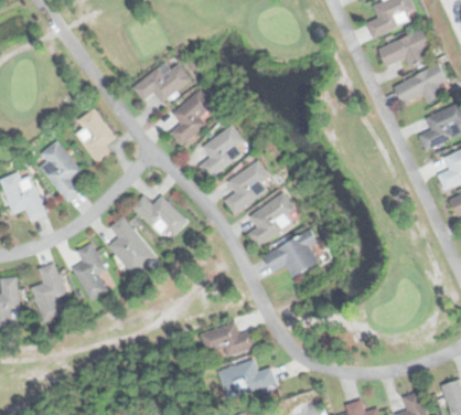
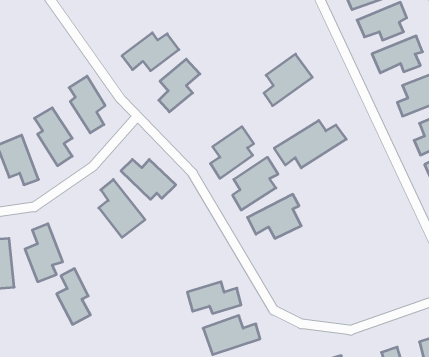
building: [199,125,249,179] -> [264,54,312,106]
building: none -> [274,120,346,168]
building: [72,242,107,300] -> [57,269,90,324]

